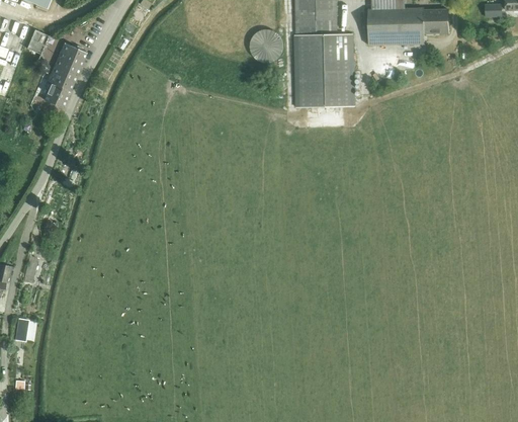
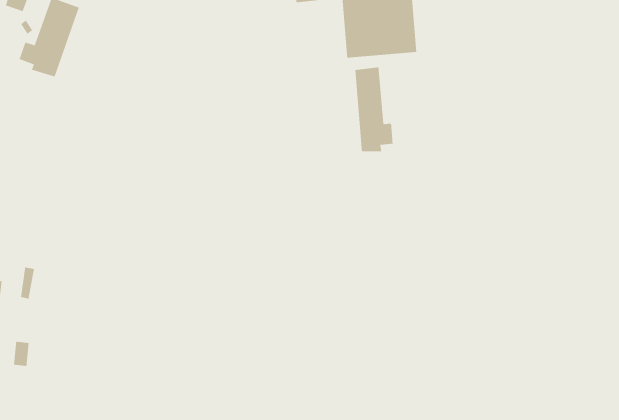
building: none -> [355,67,394,152]

